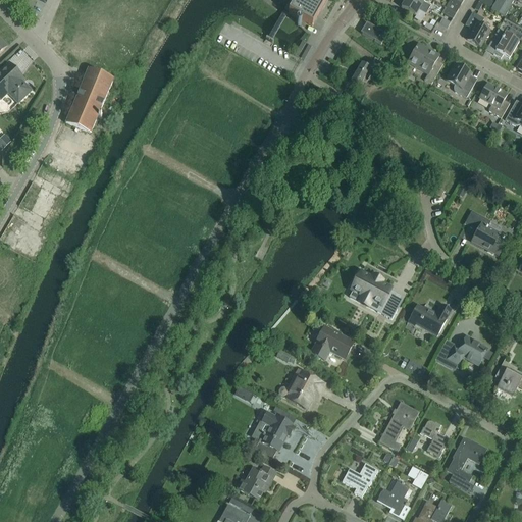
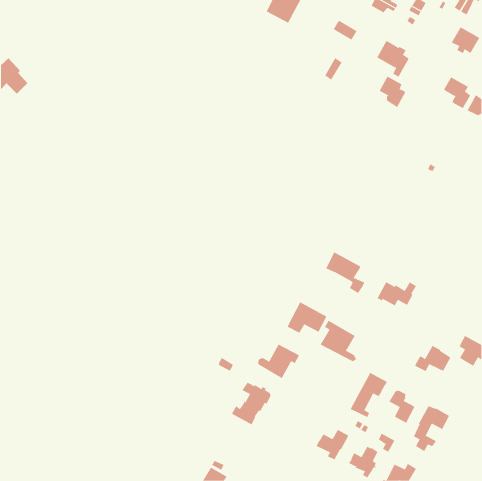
building: [465,11,489,48] -> none
building: [446,63,475,98] -> [379,76,406,108]
building: [65,68,112,134] -> none
building: [464,210,505,253] -> none
building: [447,335,486,367] -> [414,345,451,374]
building: none -> [320,320,356,362]
building: [237,465,276,500] -> none

